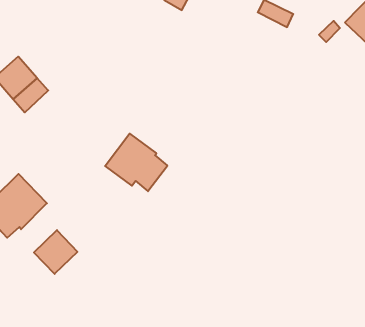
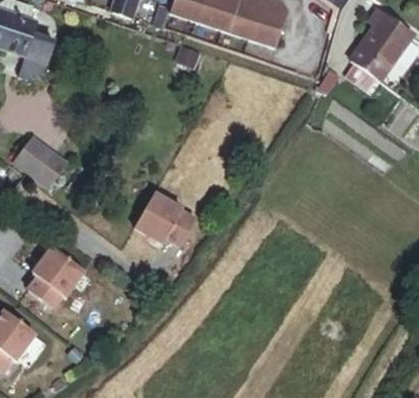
building: [34,230,77,274] -> none

